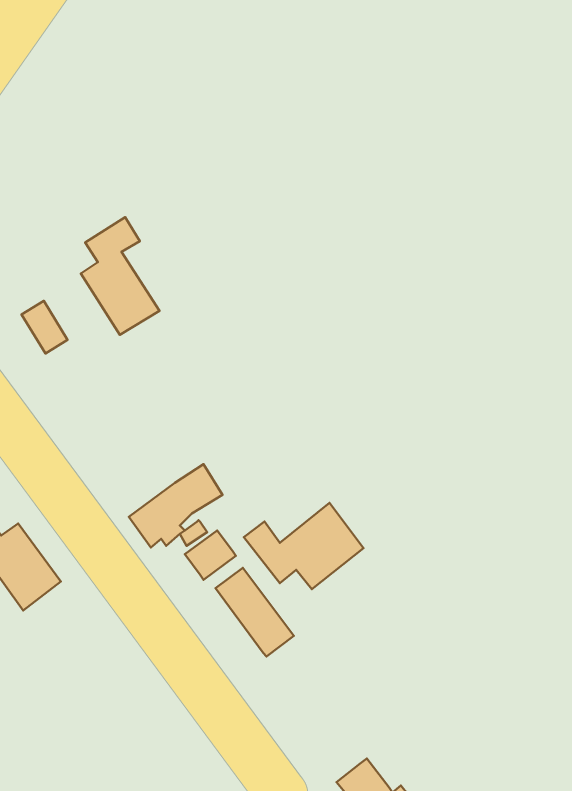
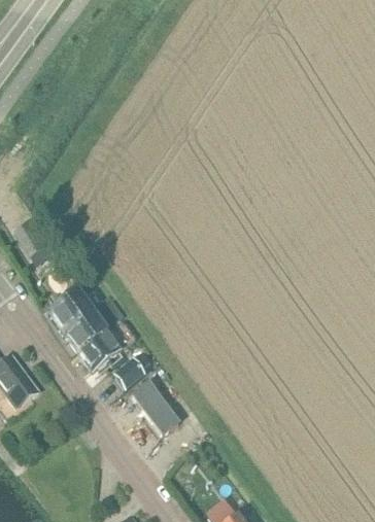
building: [81,217,160,335] -> none
building: none -> [47,288,121,351]
building: [244,503,363,589] -> none

